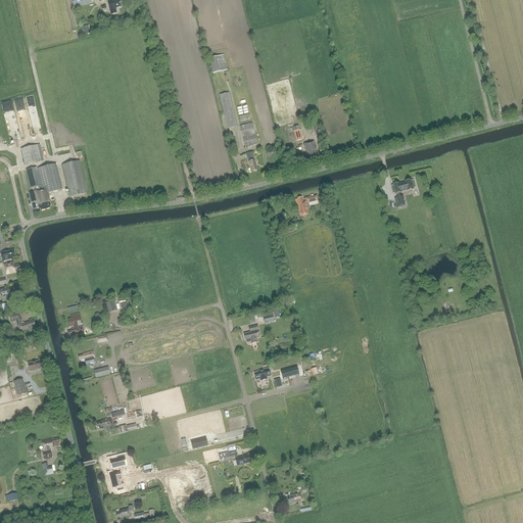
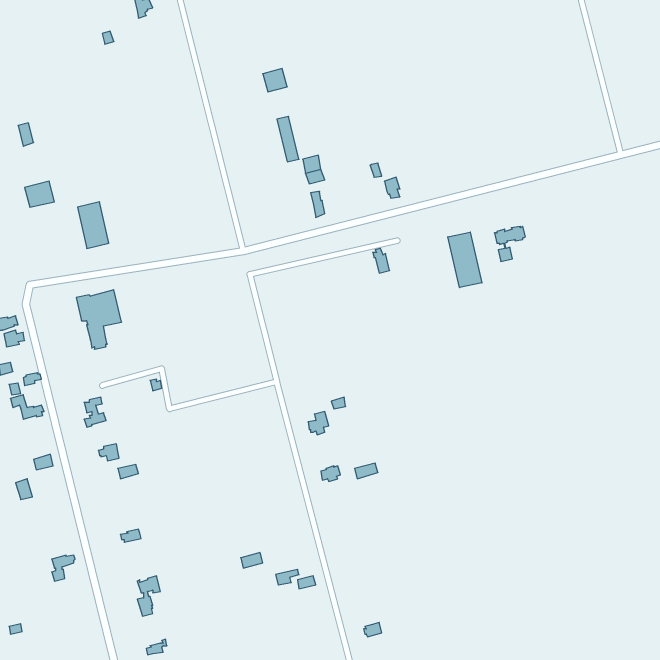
building: [26,162,61,209] -> [76,290,122,349]
building: none -> [448,232,482,288]

